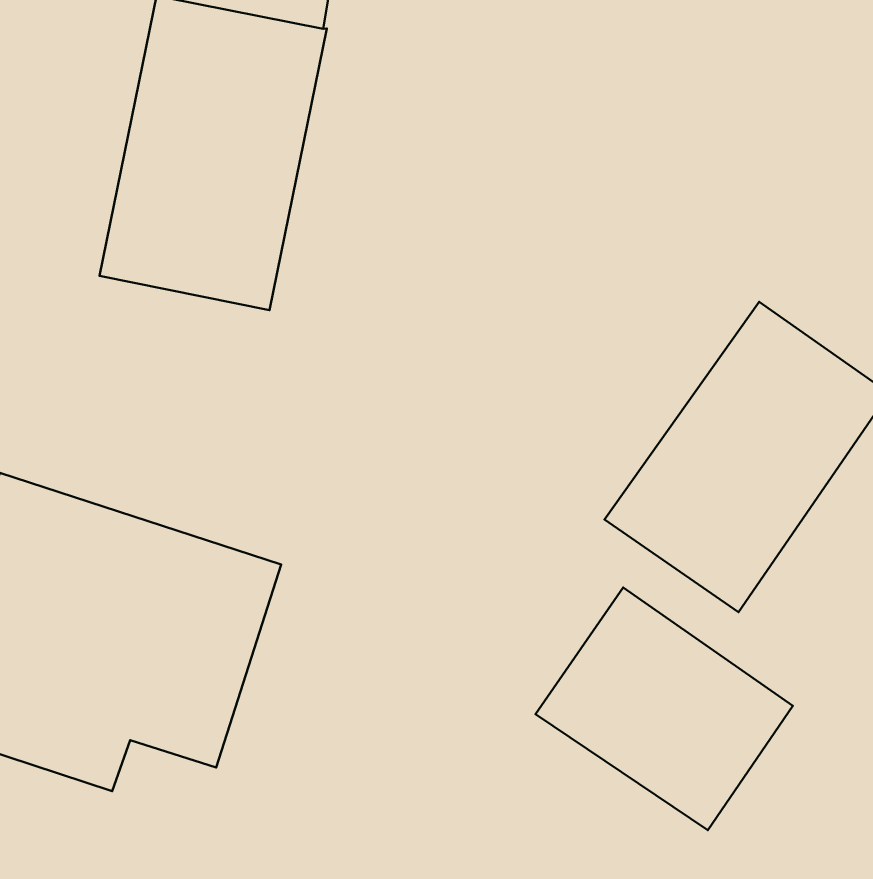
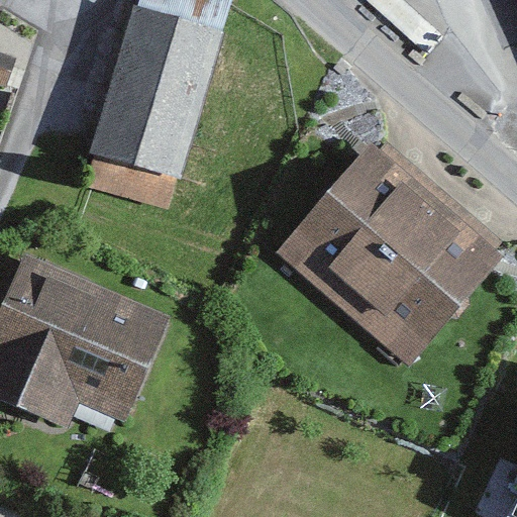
building: none -> [277,142,438,309]
building: [535,588,793,830] -> none

